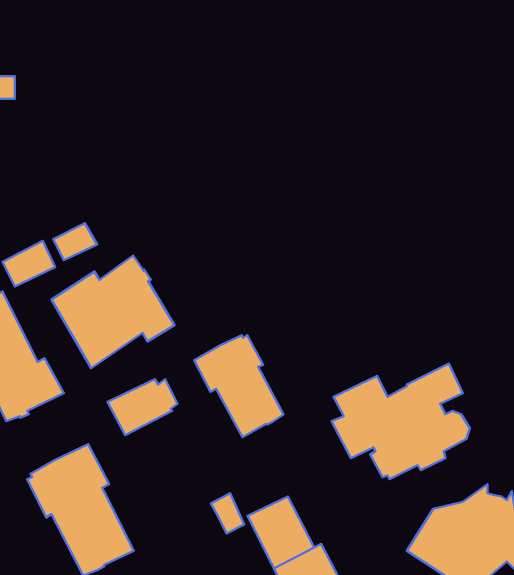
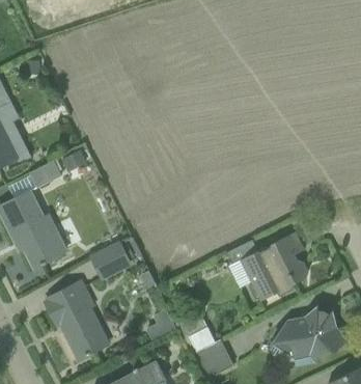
building: [52,256,174,368] -> none
building: [194,335,283,437] -> none

